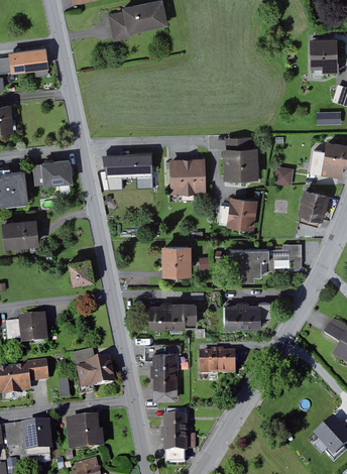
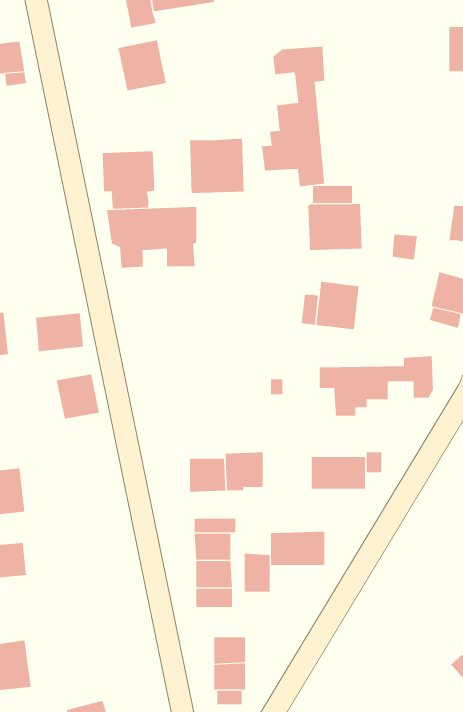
building: none -> [118,40,167,91]
building: none -> [261,46,325,187]
building: none -> [102,151,155,210]
building: [169,159,204,194] -> [189,138,244,193]
building: [40,160,71,185] -> [35,313,84,352]
building: [164,248,189,280] -> none
building: [72,349,114,391] -> none
building: none -> [244,553,270,593]
building: [65,416,102,451] -> none

